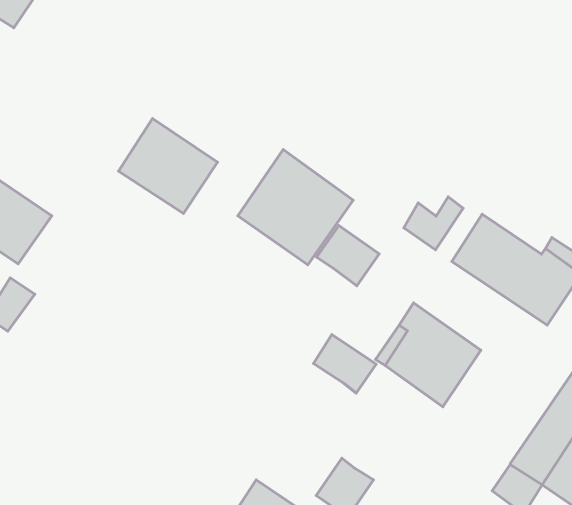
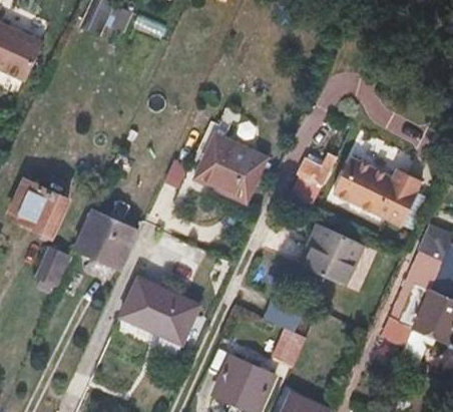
building: [118,118,217,213] -> [73,213,137,272]
building: [317,225,379,286] -> none
building: [314,334,376,393] -> [263,299,304,335]
building: none -> [117,280,197,347]

